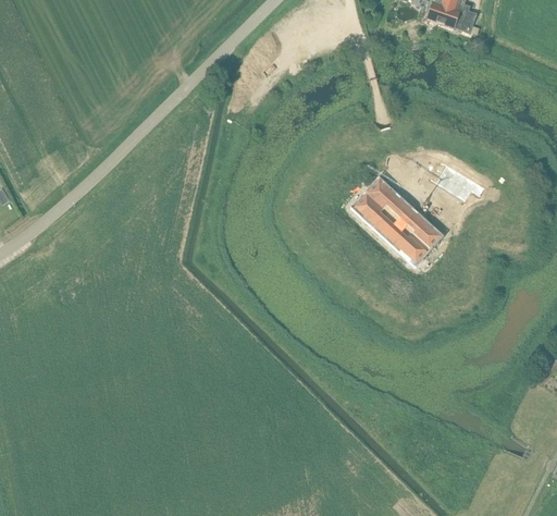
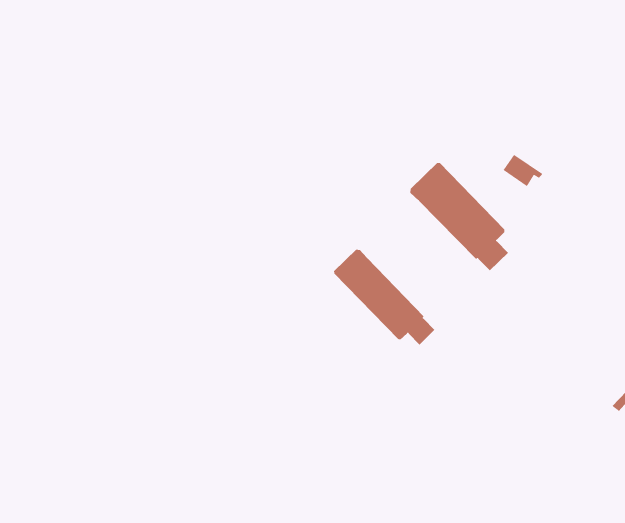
building: none -> [333,248,435,346]

